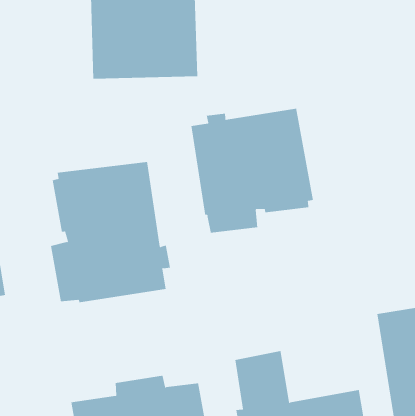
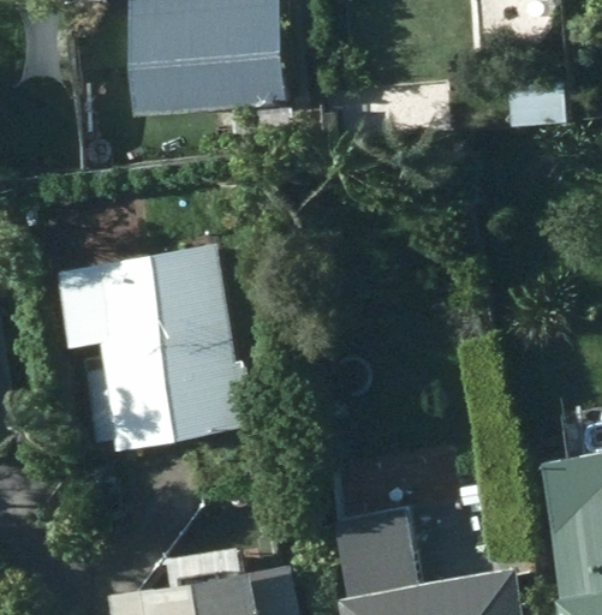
building: [191,108,313,234] -> none

